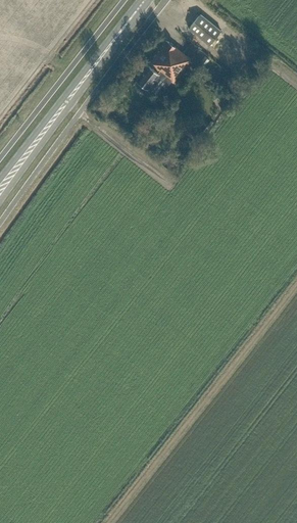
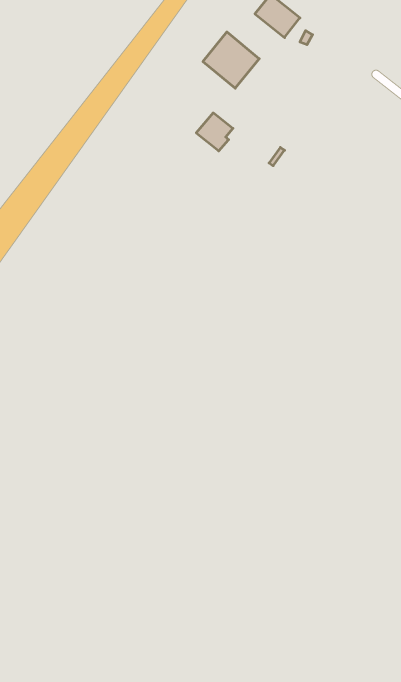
building: [136,66,162,94] -> [196,113,233,151]

